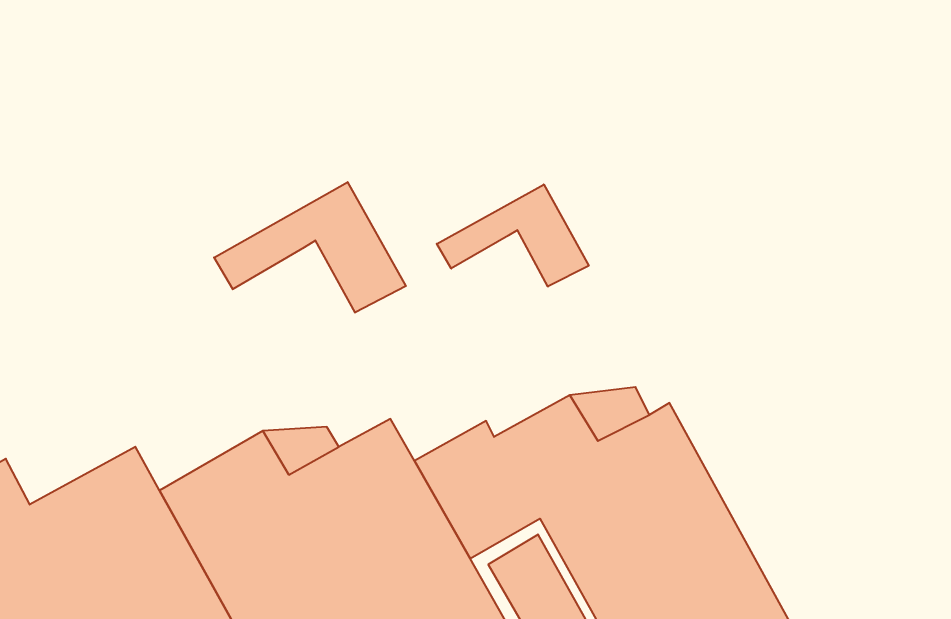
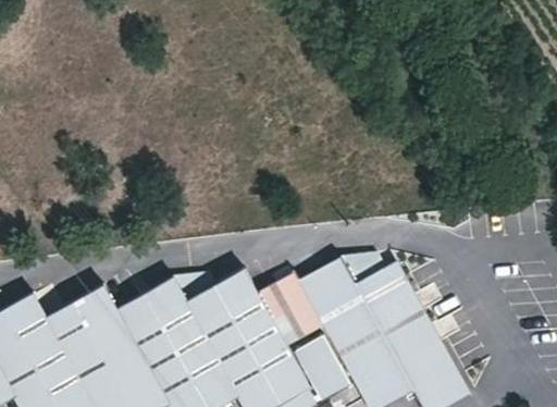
building: [214,182,406,313] -> none
building: [437,184,589,287] -> none

